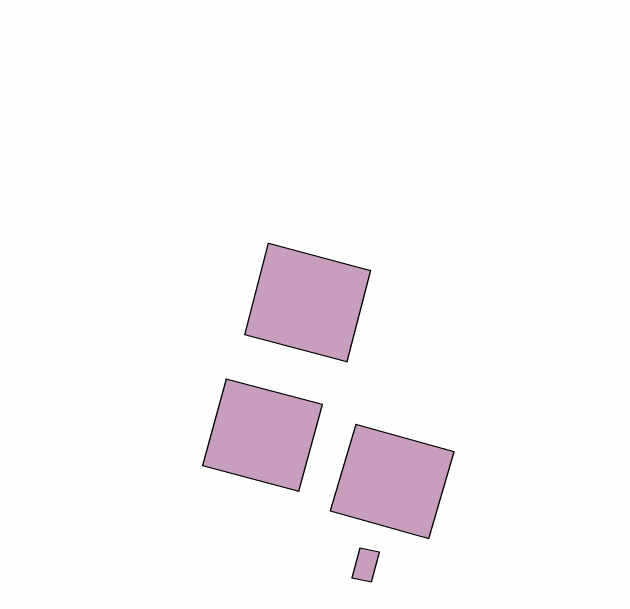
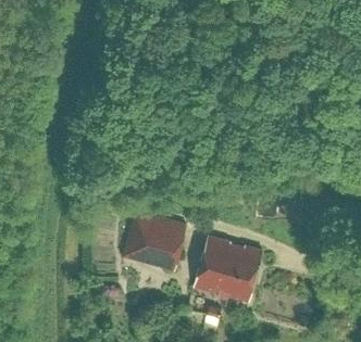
building: [245,243,371,362] -> none

